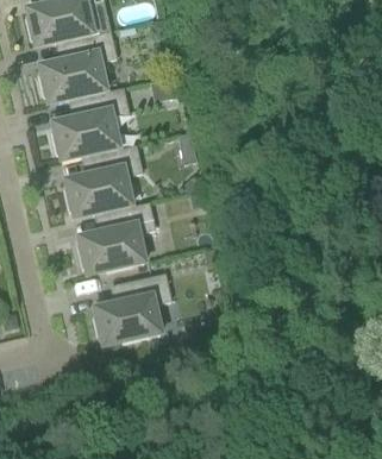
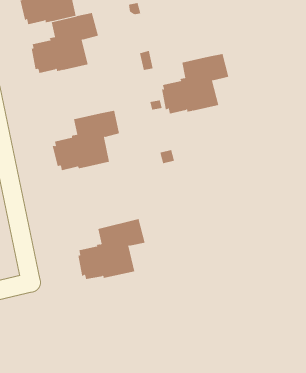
building: [51,87,131,158] -> [161,53,229,114]
building: [76,201,156,272] -> none

